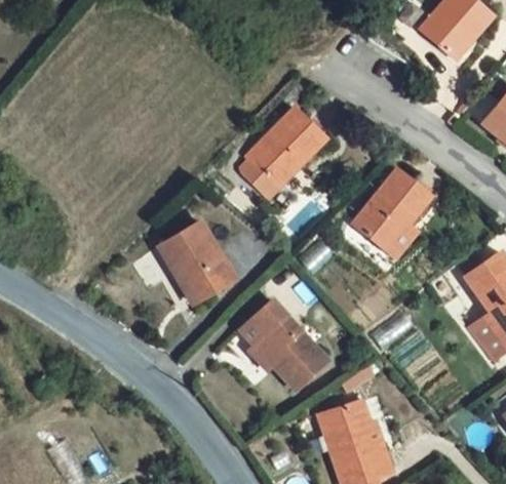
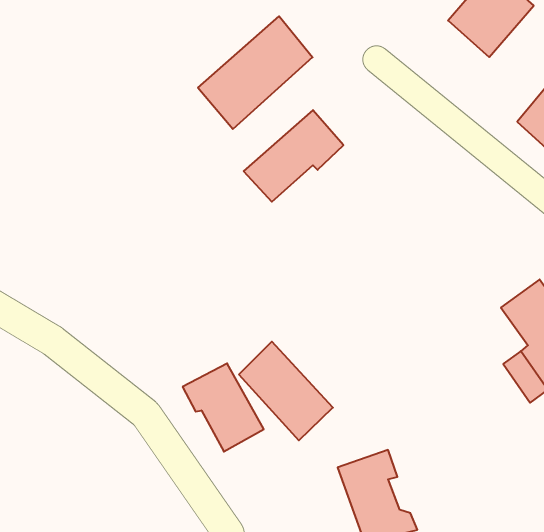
building: none -> [198,16,313,129]
building: [357,175,431,250] -> none
building: [164,217,235,294] -> [183,363,264,452]

